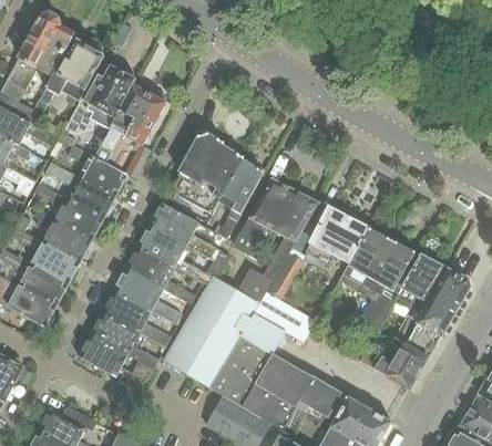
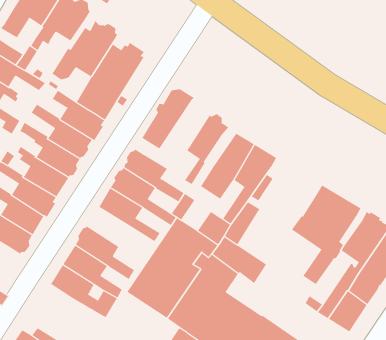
building: [189,144,244,215] -> none
building: [307,207,369,265] -> none
building: [114,269,182,324] -> none

